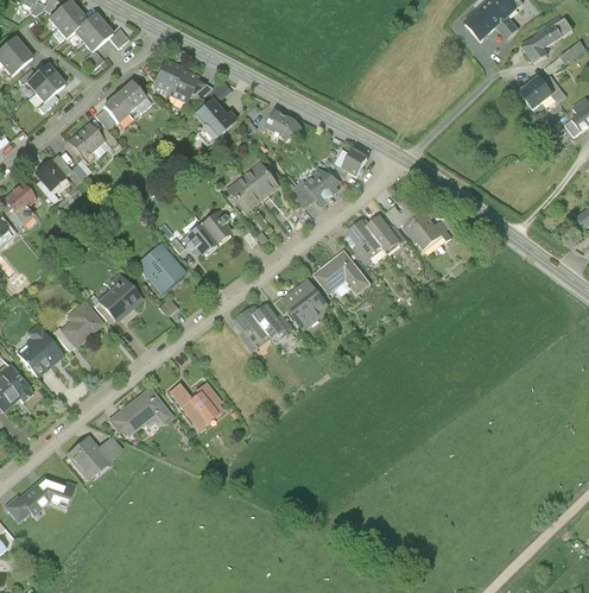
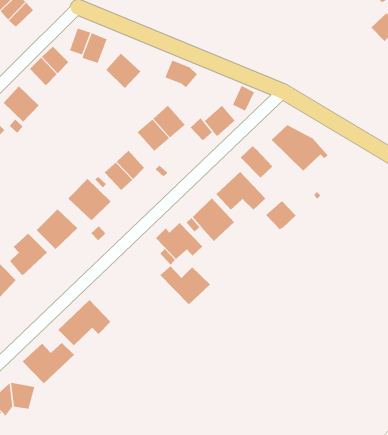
building: [367,212,404,252] -> none
building: none -> [265,200,296,230]
building: [166,381,227,431] -> [159,265,211,305]

